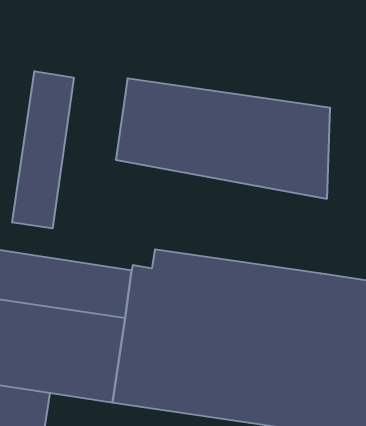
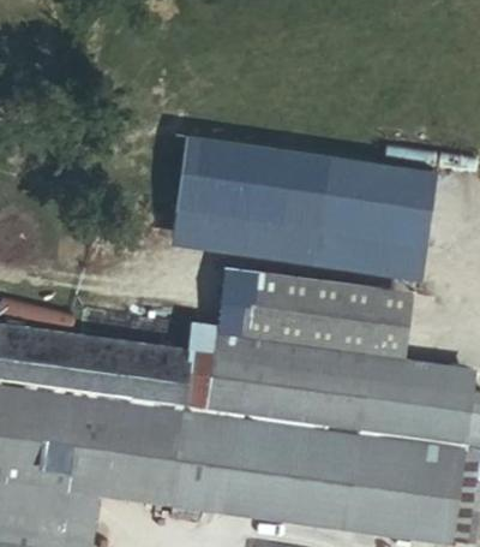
building: [12,71,74,228] -> none
building: none -> [216,266,414,358]

